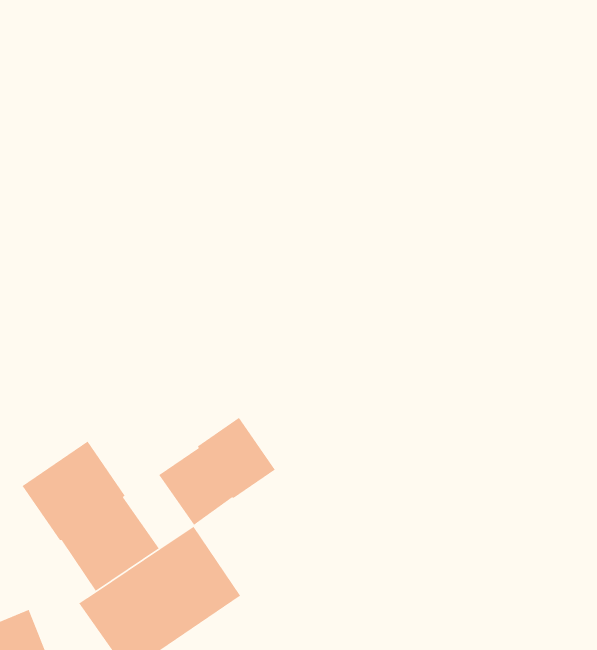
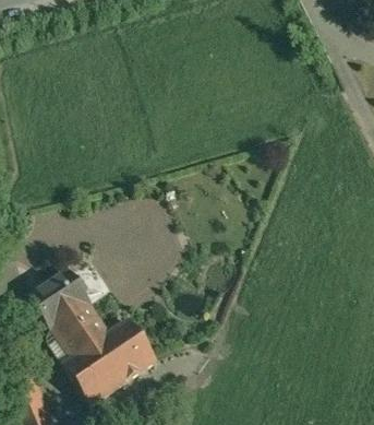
building: [158,417,276,526] -> none

